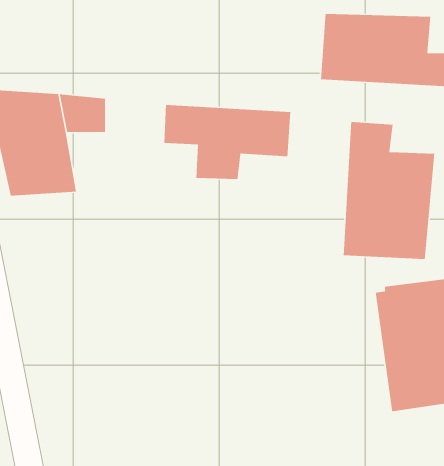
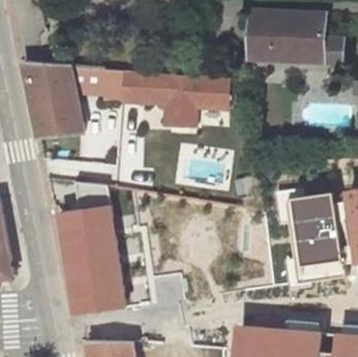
building: none -> [103,69,144,102]
building: [343,121,435,260] -> none
building: none -> [60,205,125,315]

